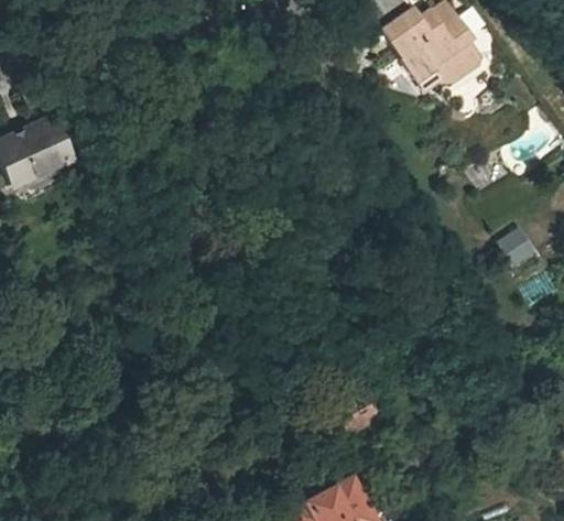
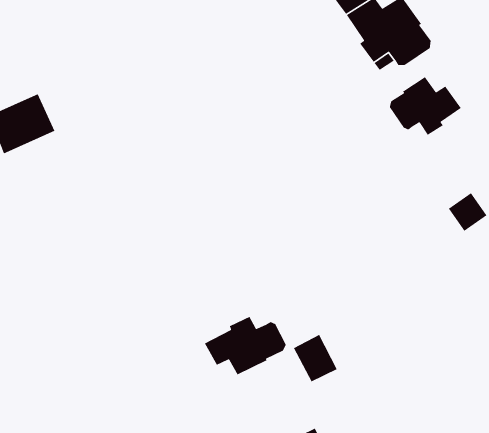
building: none -> [389,76,462,136]
building: none -> [204,316,287,375]

